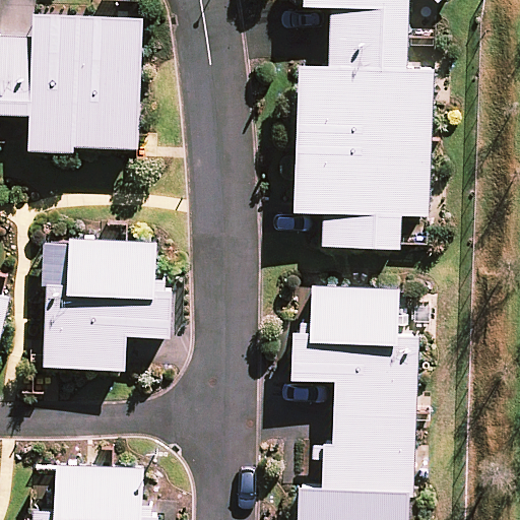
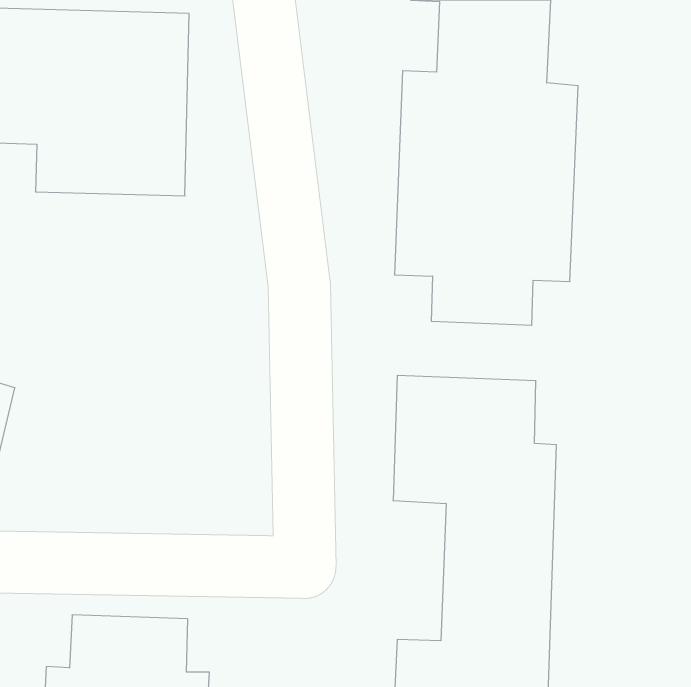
building: [45,239,177,367] -> none

